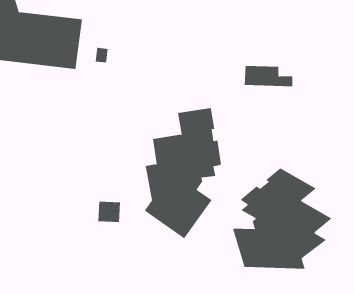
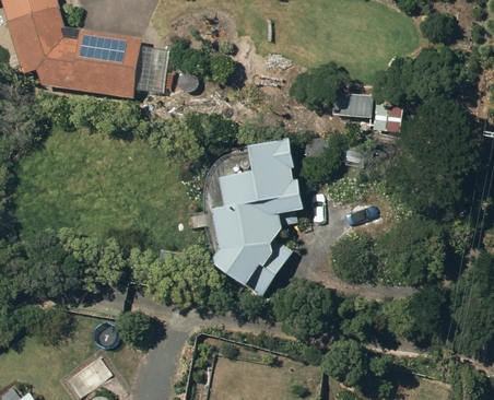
building: [232,168,332,269] -> none

